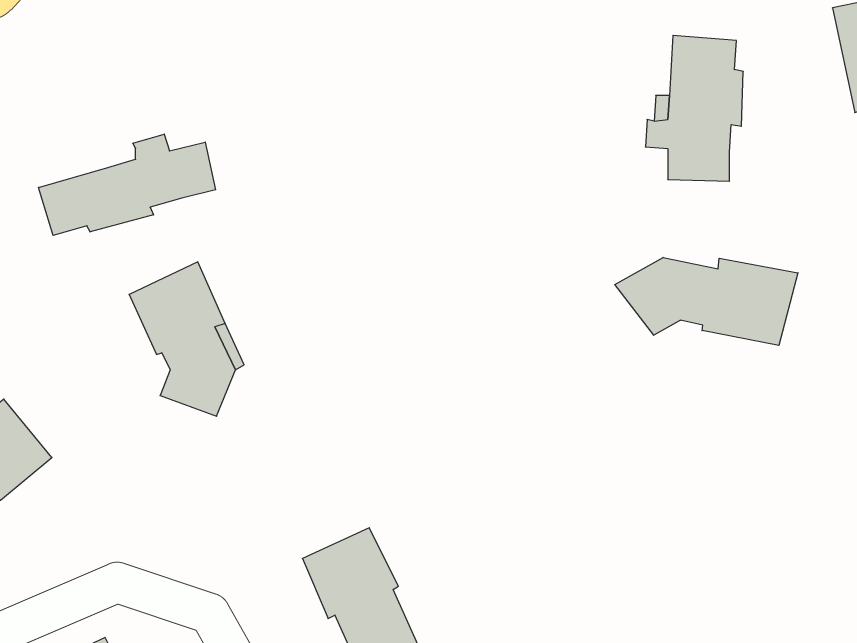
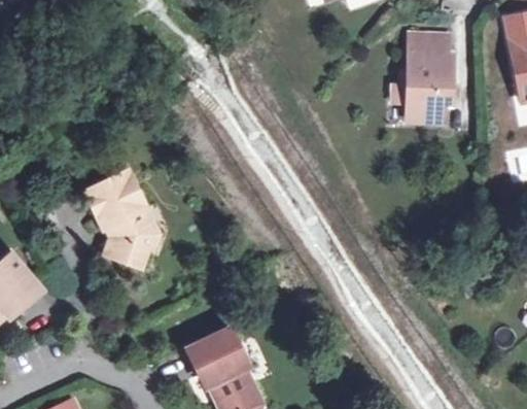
building: [39,134,216,235] -> none
building: [615,257,798,345] -> none

